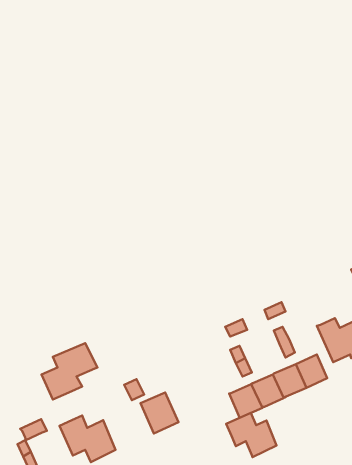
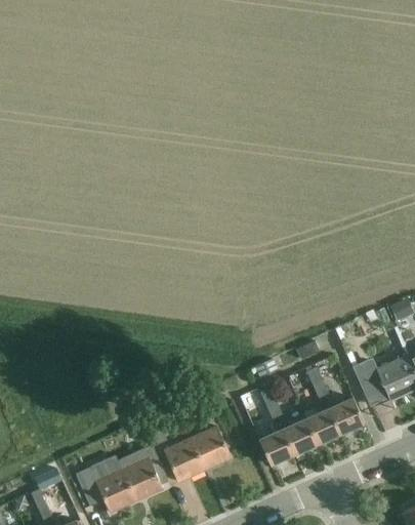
building: [41,343,97,400] -> none
building: none -> [191,426,233,470]
building: none -> [124,455,165,499]
building: [226,413,277,457] -> none

